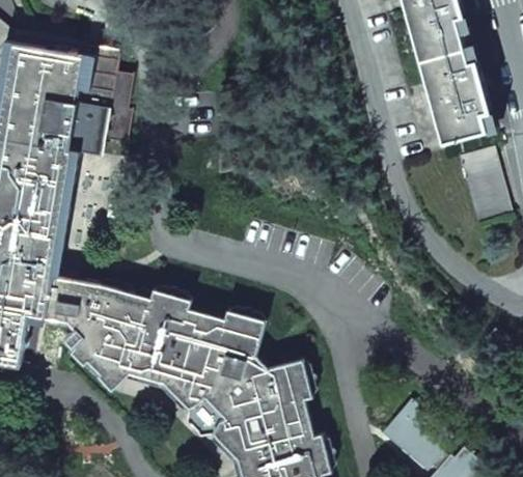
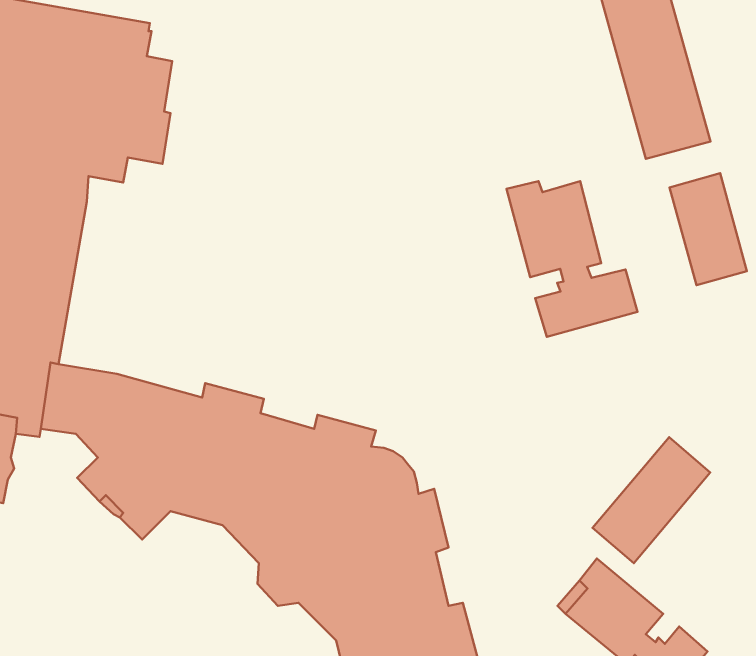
building: none -> [507,181,637,337]
building: none -> [592,437,710,563]

